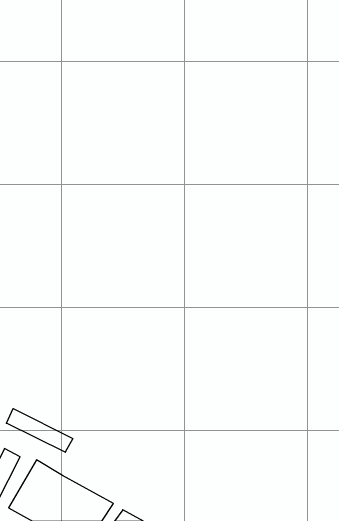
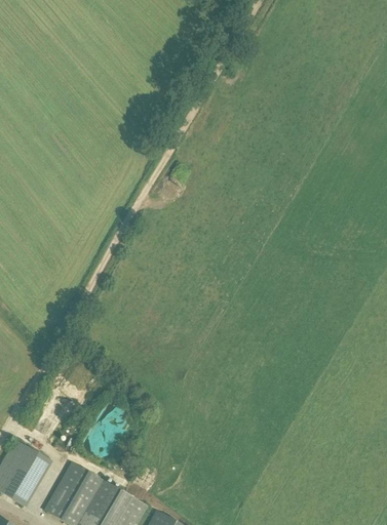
building: [6,409,73,452] -> none

